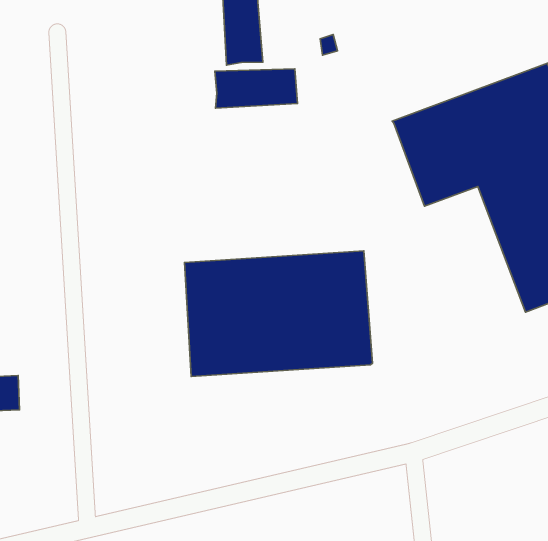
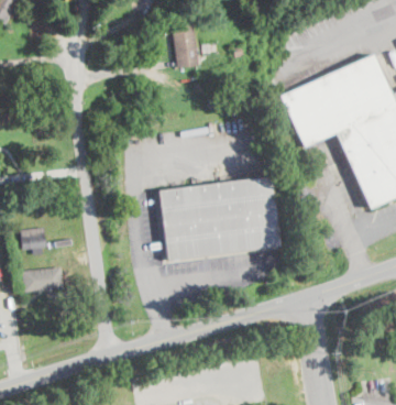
building: [215,69,297,108] -> none

